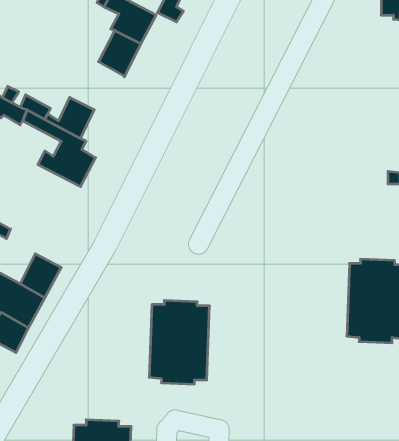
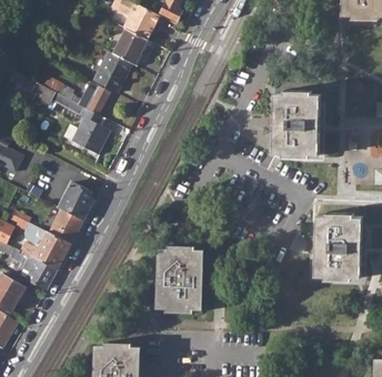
building: none -> [93,51,133,93]
building: none -> [273,91,321,159]
building: none -> [59,181,93,220]

